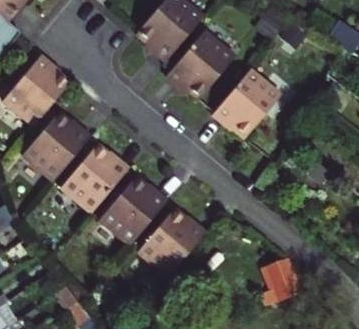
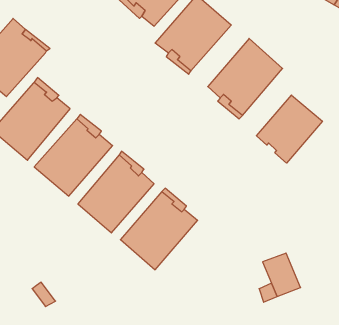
building: none -> [256,95,322,163]

